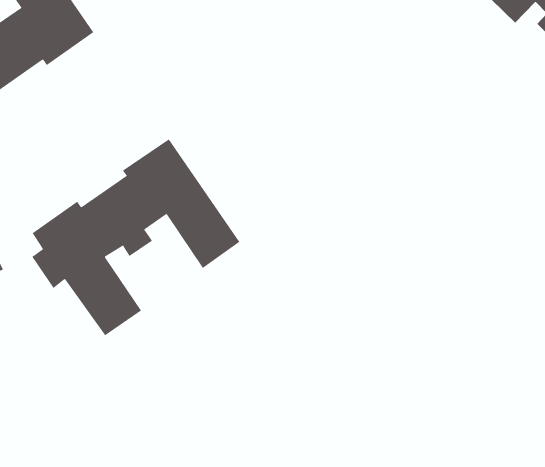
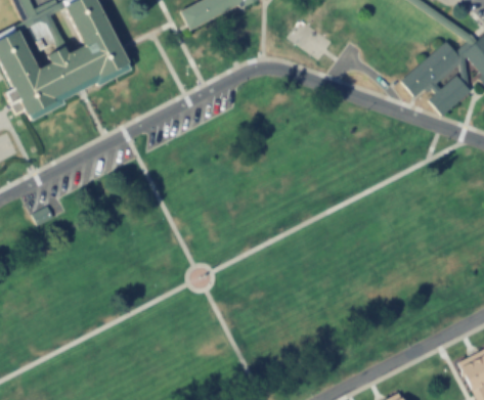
building: [31,139,240,336] -> none

